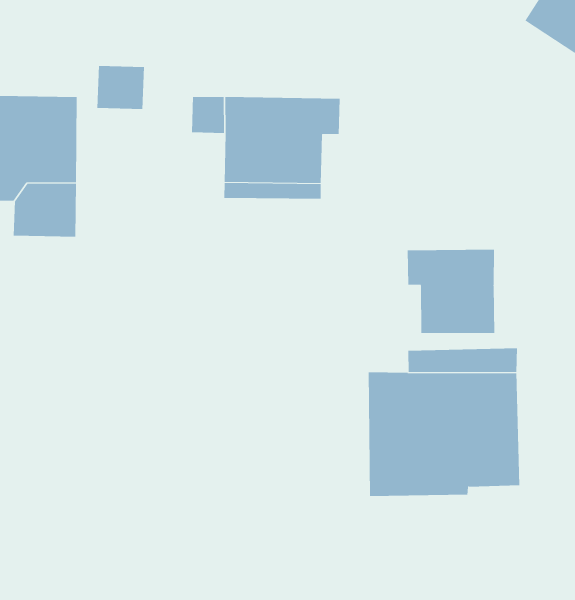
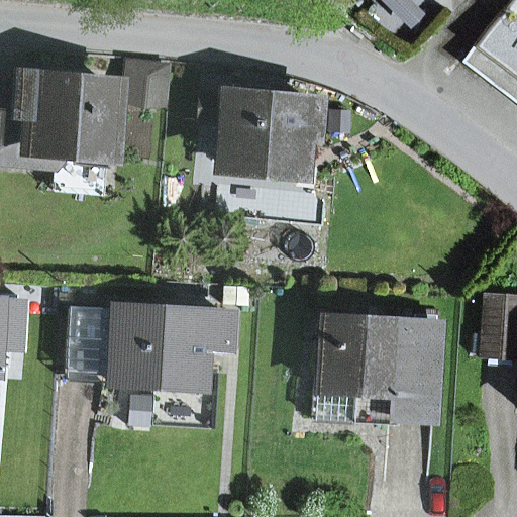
building: [407,249,495,334] -> none
building: none -> [73,305,232,384]

